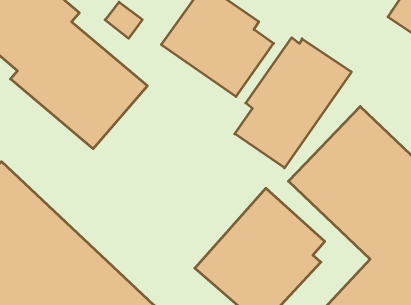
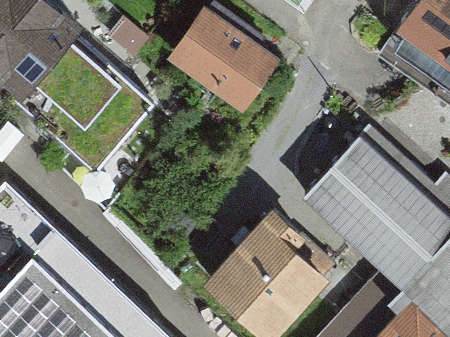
building: [235,38,351,168] -> none

